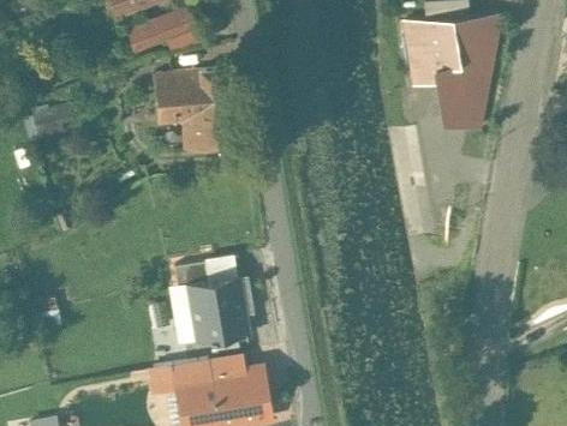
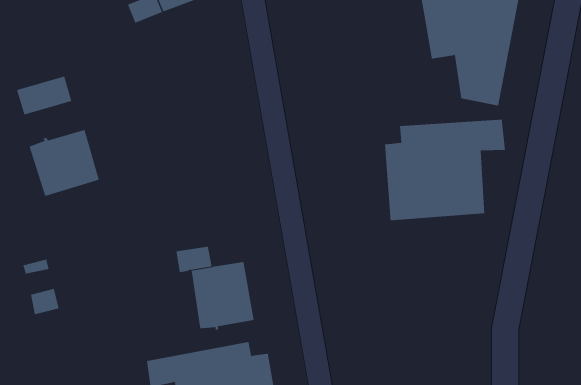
building: [155,70,229,151] -> none
building: none -> [384,119,505,221]
building: none -> [29,129,100,197]

